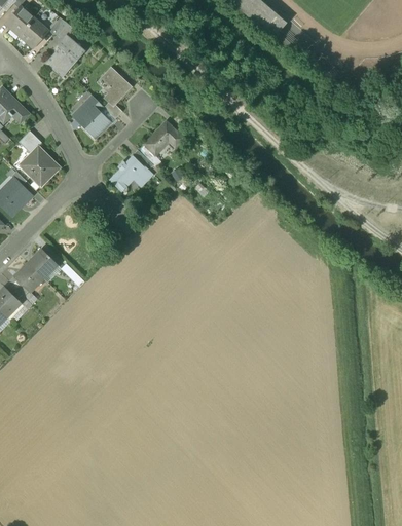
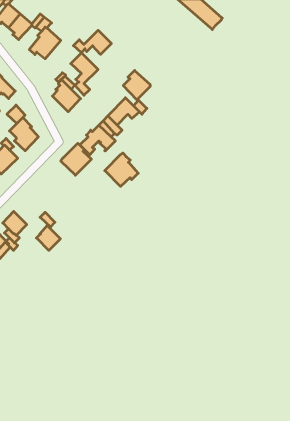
building: none -> [73,30,111,54]
building: none -> [123,70,150,100]
building: none -> [61,143,91,175]
building: none -> [105,153,138,186]
building: [28,248,58,278] -> [36,226,60,250]

